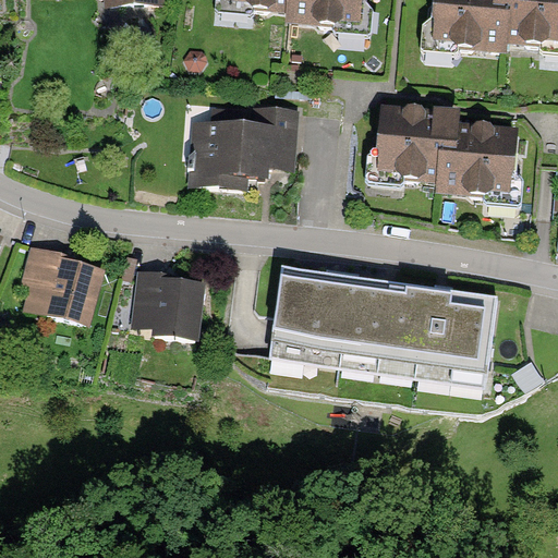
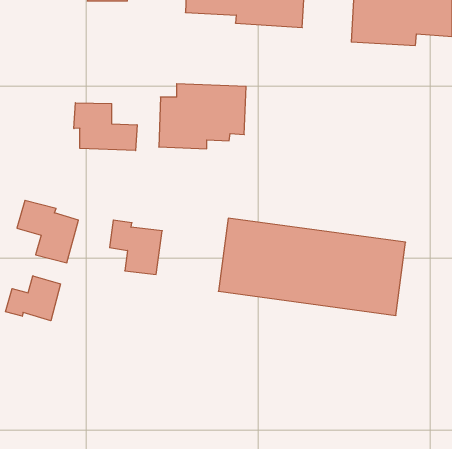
building: [377,108,524,203] -> none
building: none -> [74,103,137,151]
building: none -> [5,276,61,321]

